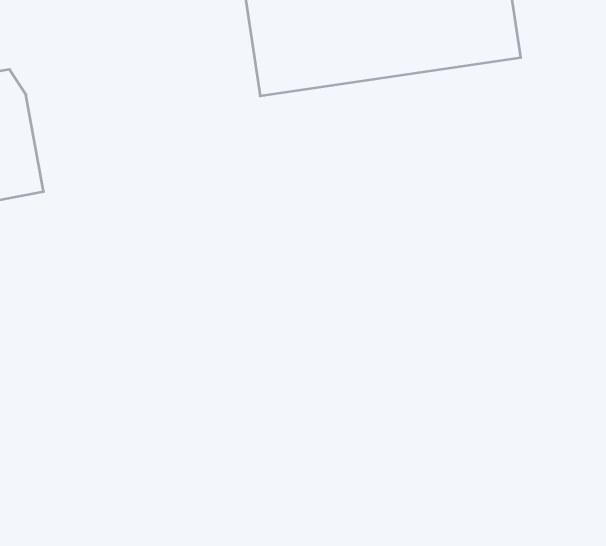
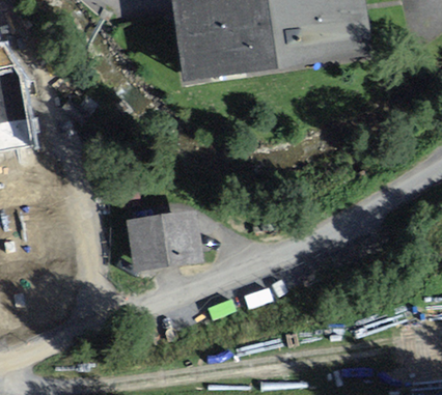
building: none -> [122,205,202,271]

